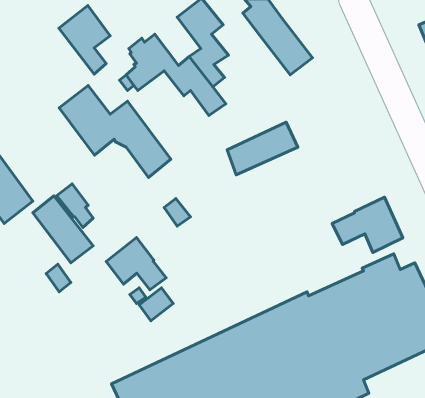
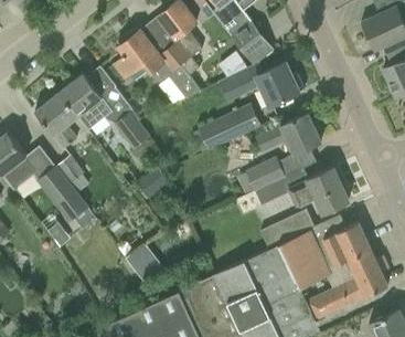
building: [59,6,110,74] -> [34,92,77,149]
building: none -> [236,62,303,105]
building: none -> [237,113,321,194]
building: [106,237,166,290] -> none
building: none -> [260,210,315,250]

